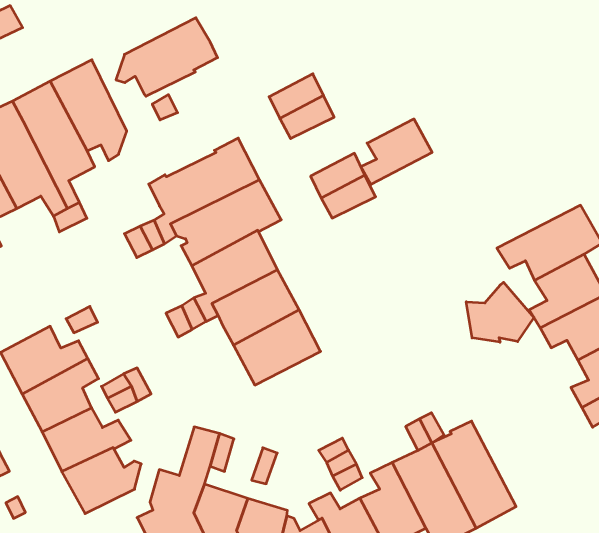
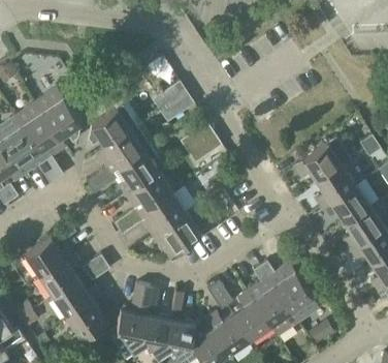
building: [116,18,218,96] -> [88,101,142,148]
building: [361,119,432,185] -> none
building: [466,282,534,342] -> none

